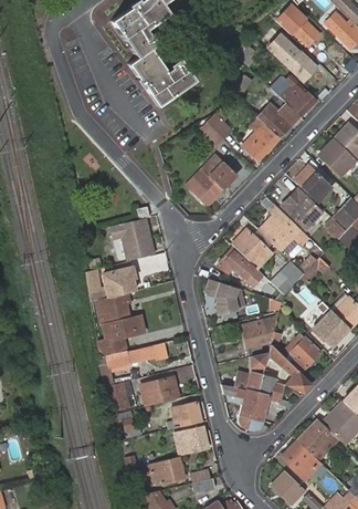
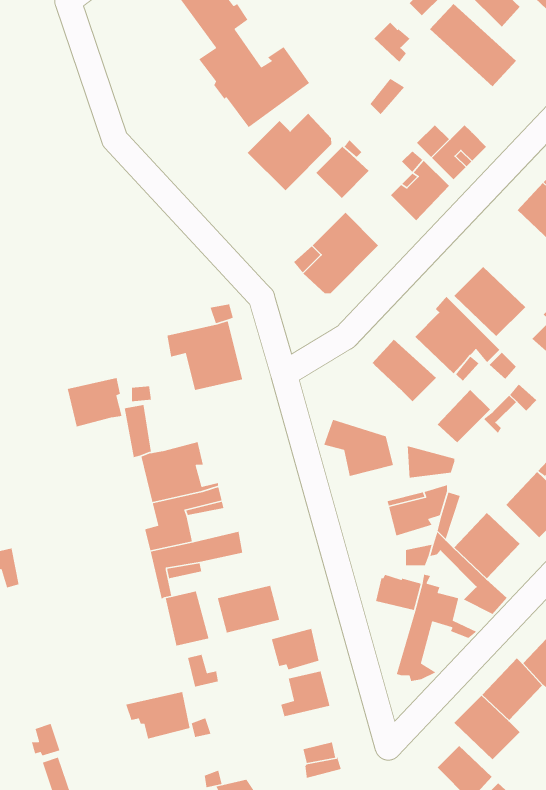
building: [274,73,316,114] -> none
building: none -> [247,113,332,191]
building: [293,166,329,201] -> none
building: [219,246,264,289] -> none
building: [103,267,136,297] -> [67,377,123,428]
building: [221,385,257,429] -> none
building: [145,457,183,486] -> [125,691,190,740]

